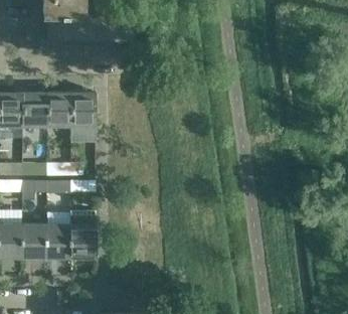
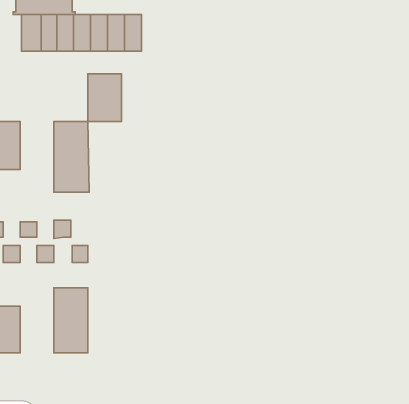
building: [45,93,69,127] -> [88,74,122,122]
building: [45,215,69,258] -> none

